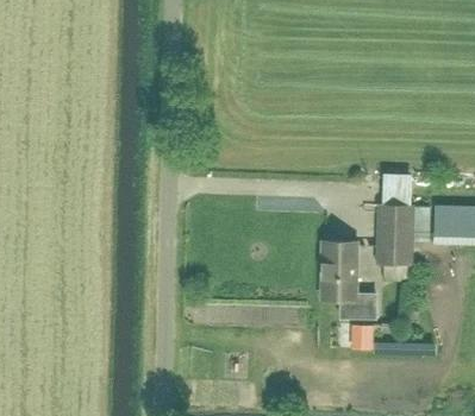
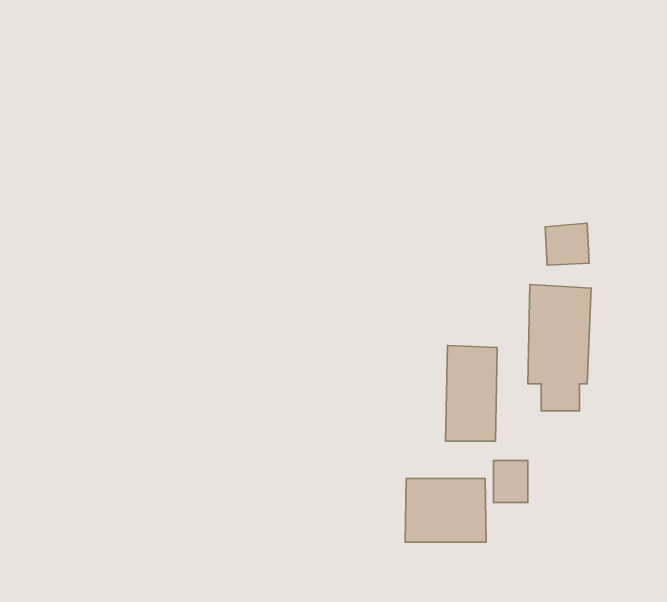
building: [415,204,455,234] -> none
building: none -> [405,478,486,542]

